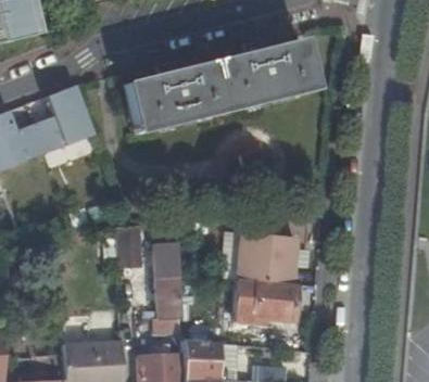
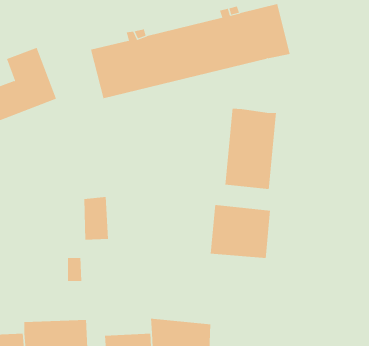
building: none -> [225,108,277,190]
building: [155,224,182,340] -> none
building: [235,279,298,323] -> none

